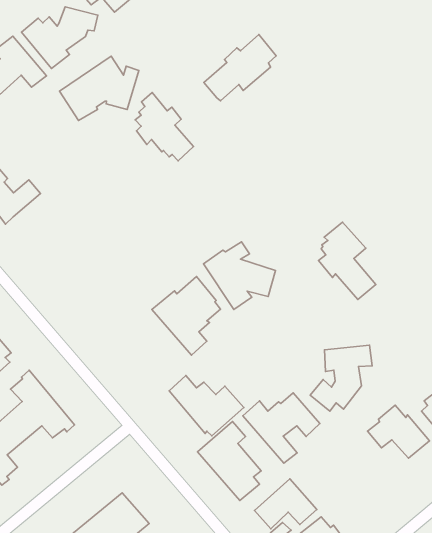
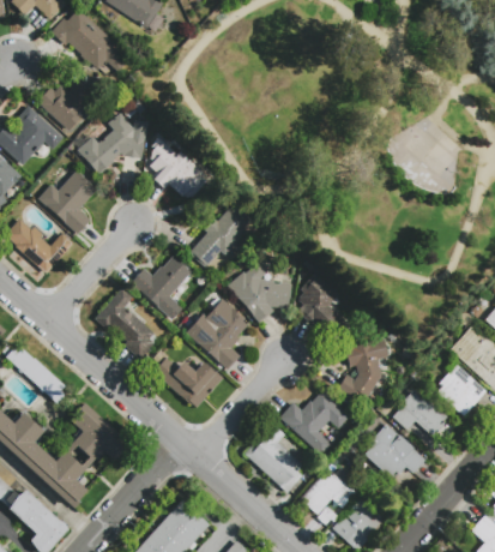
building: [204,34,276,101] -> [188,204,249,268]
building: none -> [38,170,97,234]
building: [318,222,376,300] -> [297,274,351,341]
building: none -> [132,257,192,319]
building: none -> [95,288,155,359]
building: [169,376,244,436] -> [152,358,221,408]
building: none -> [362,425,424,479]

